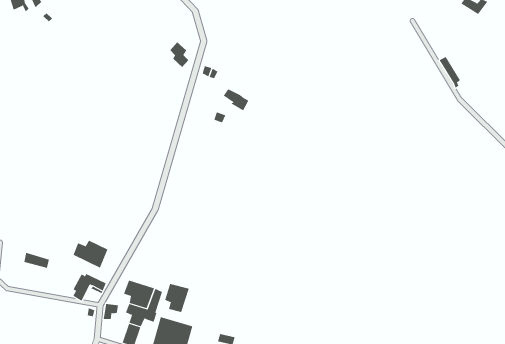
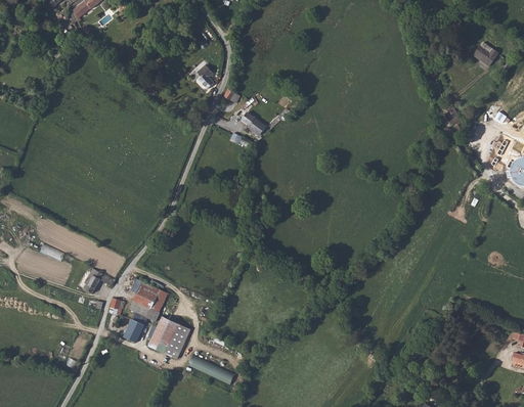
building: [73,240,108,268] -> none
building: [164,283,189,313] -> none

